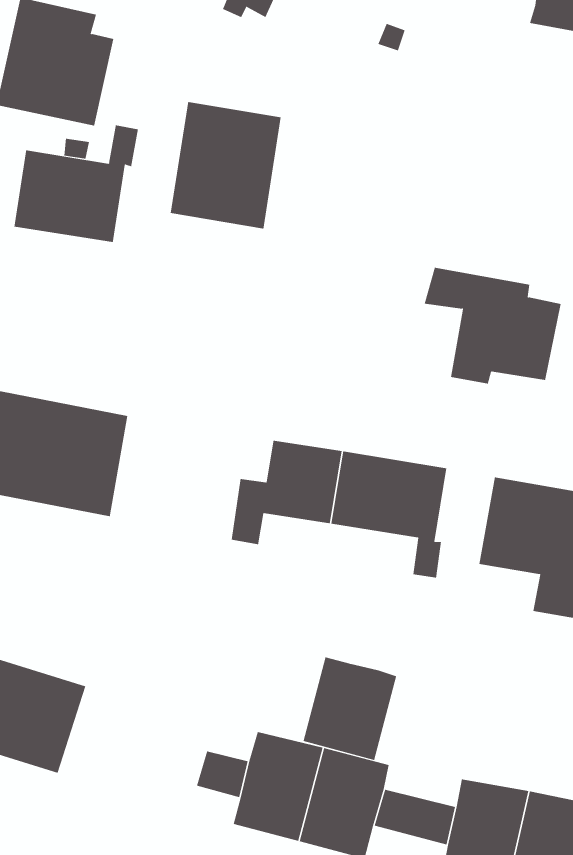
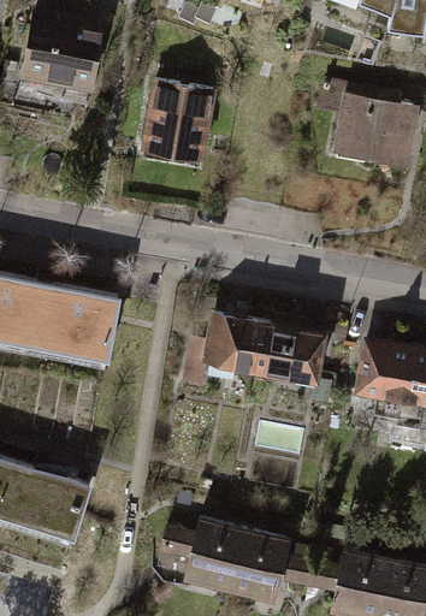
building: [14,124,138,243] -> none
building: [424,267,562,384] -> [314,82,409,162]
building: [303,657,397,761] -> none

